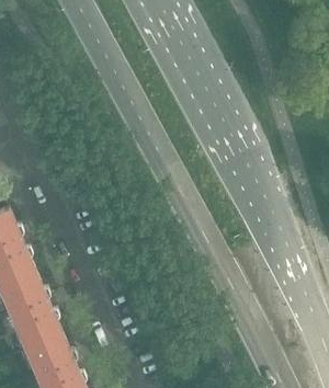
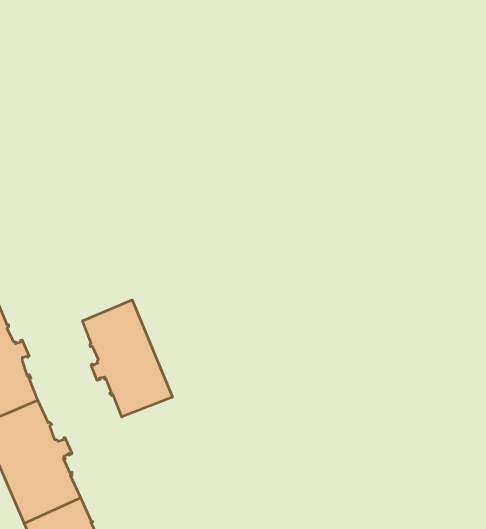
building: none -> [83,300,172,417]

